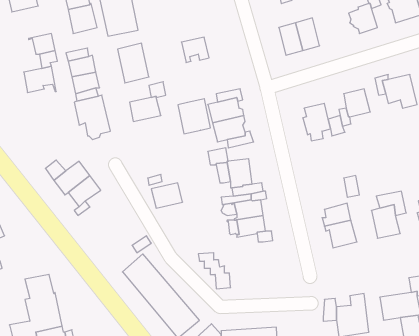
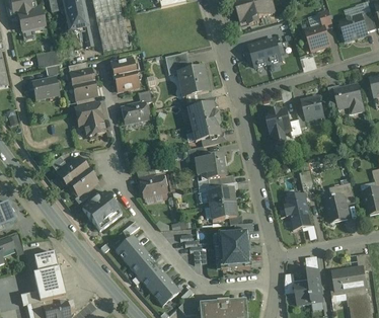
building: [178,99,210,134] -> [180,66,208,95]
building: none -> [82,189,122,230]
building: none -> [218,230,250,268]

